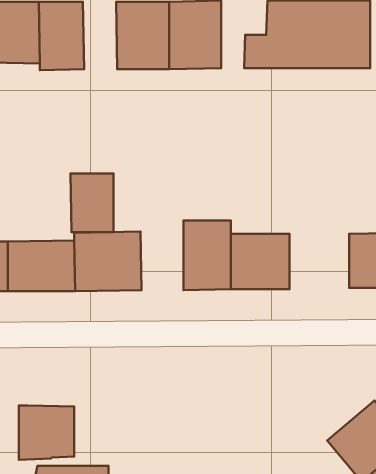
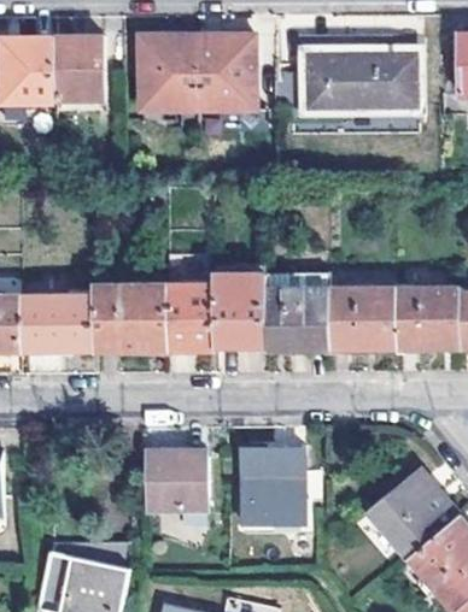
building: [70,173,113,232] -> [165,286,212,349]
building: none -> [328,288,393,348]
building: none -> [241,451,300,525]
building: [19,406,74,460] -> [145,452,205,511]

